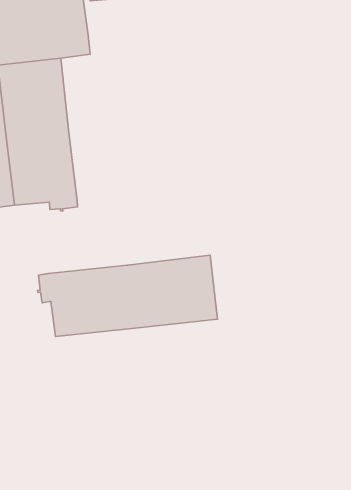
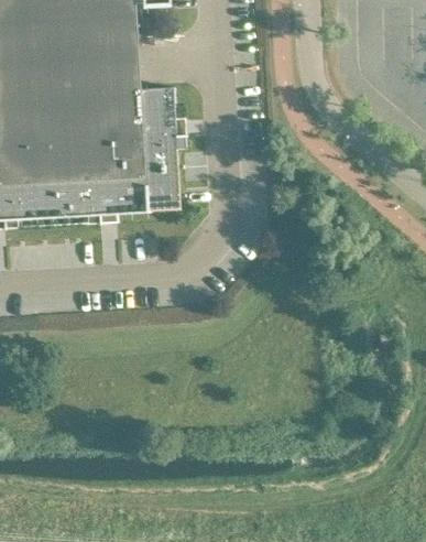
building: none -> [109,63,187,212]
building: [38,255,218,337] -> none

